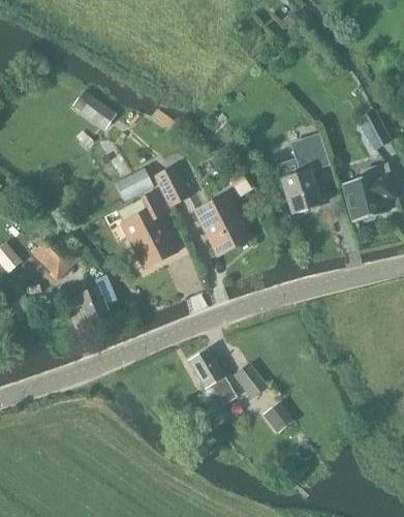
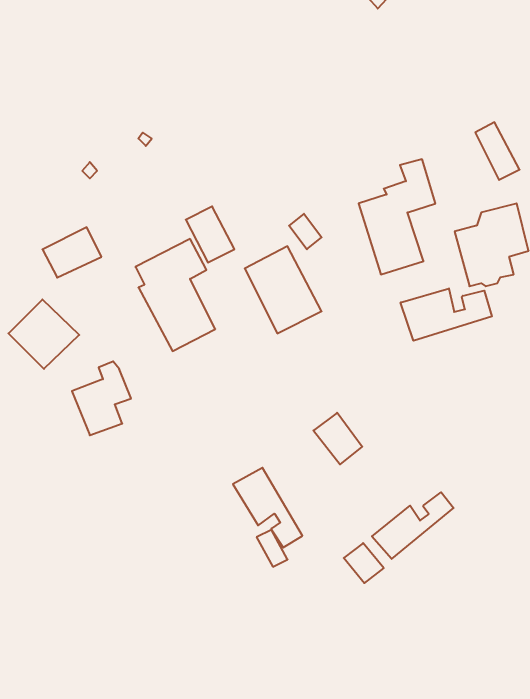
building: [72,89,116,127] -> none
building: [114,166,155,202] -> [42,227,101,278]
building: none -> [401,288,492,341]
building: [232,363,267,399] -> [313,413,362,464]
building: none -> [372,492,454,559]

